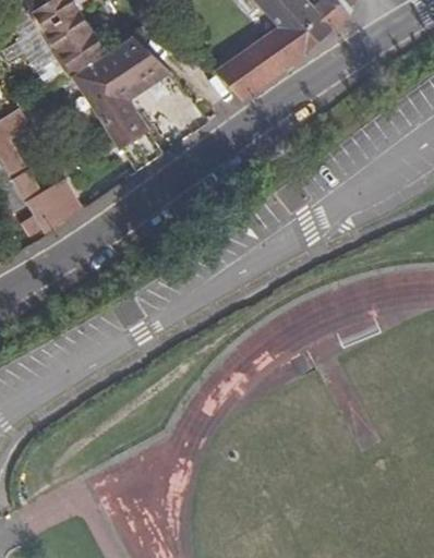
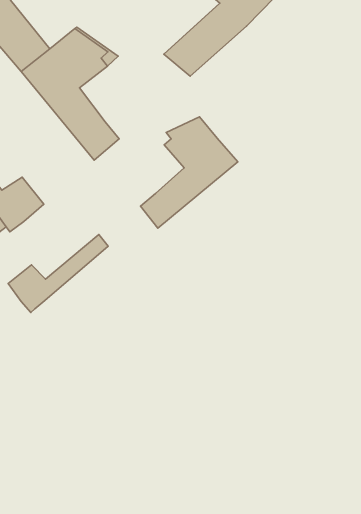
building: none -> [140,117,238,228]
building: none -> [8,234,108,312]

